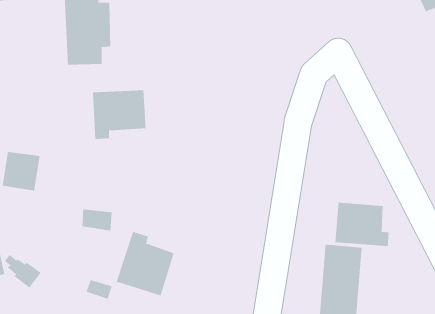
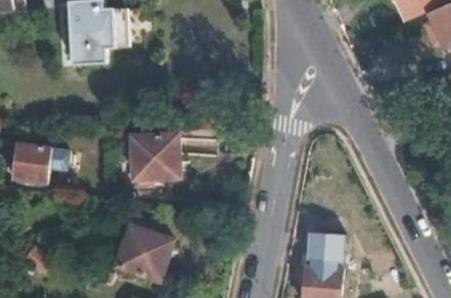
building: [92,90,146,140] -> [128,138,178,184]
building: [335,202,389,247] -> none

